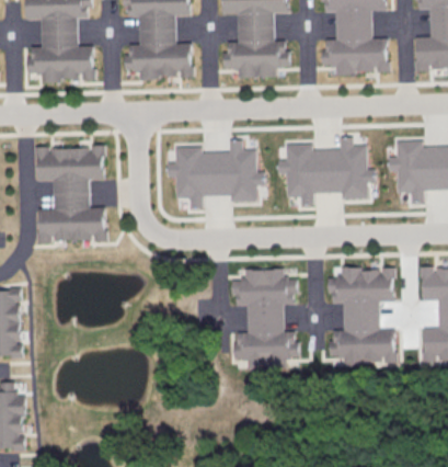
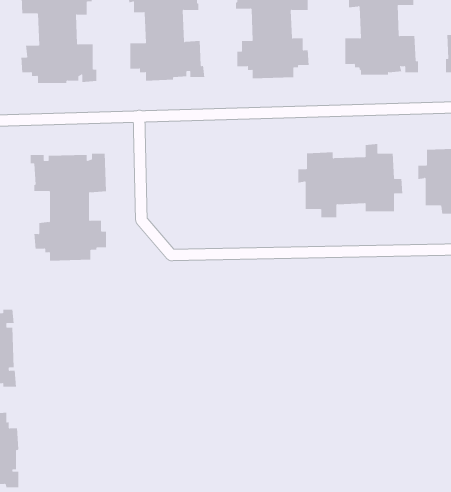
building: [168,140,264,208] -> none
building: [328,267,397,367] -> none
building: [231,269,299,369] -> none

